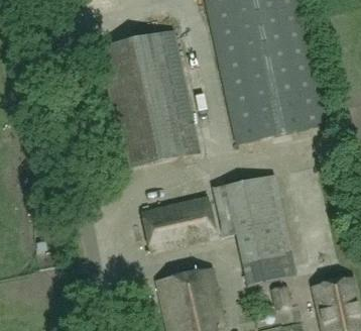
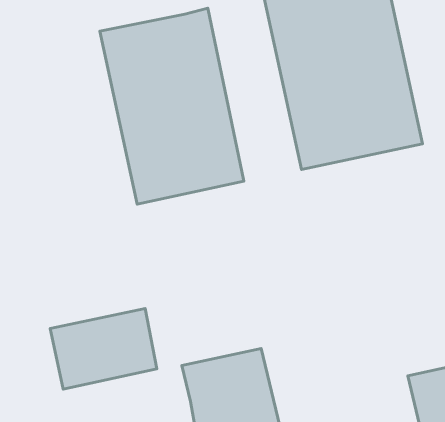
building: [213,174,295,285] -> none
building: [141,196,216,252] -> [50,308,157,389]

